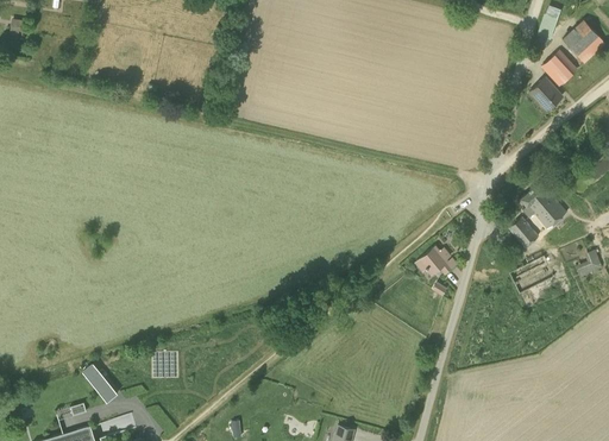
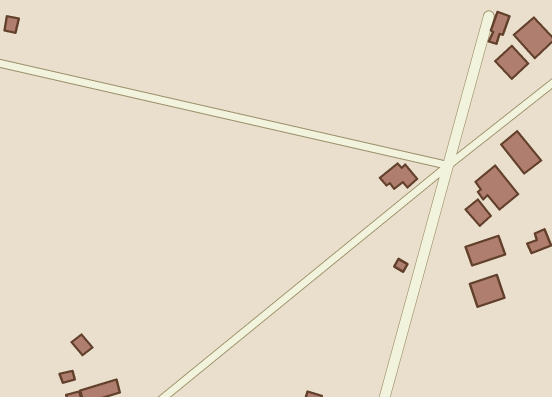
building: [529,77,563,111] -> none
building: none -> [501,131,541,174]
building: [415,247,456,275] -> [380,164,417,189]
building: none -> [470,275,504,307]

